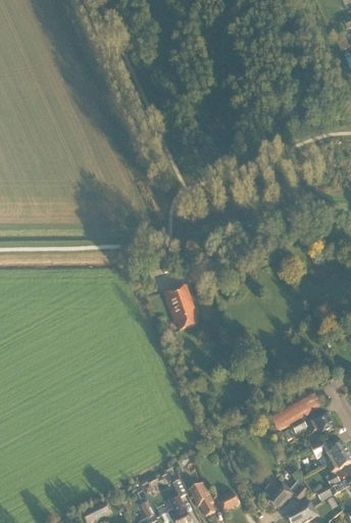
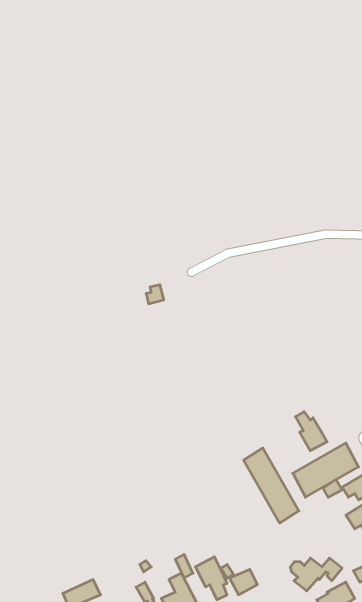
building: [163,284,196,329] -> none
building: none -> [295,412,327,451]
building: none -> [244,448,299,523]

